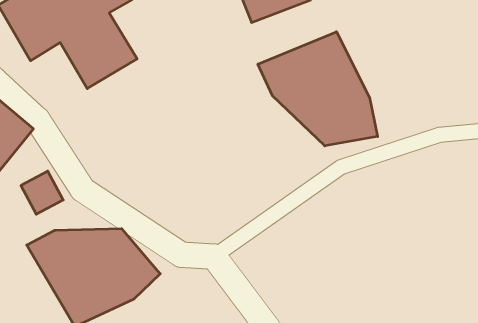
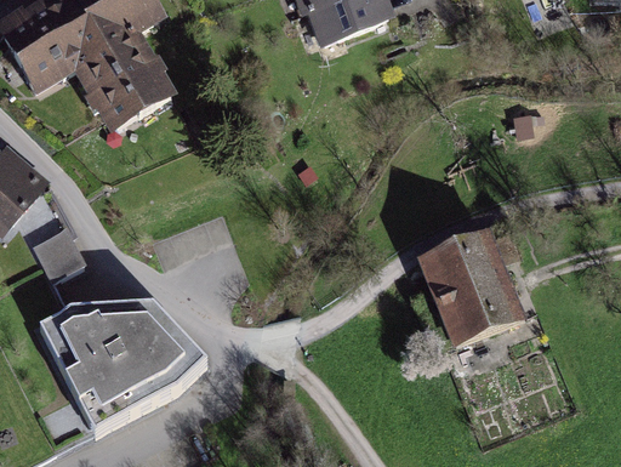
building: [258,32,378,146] -> none
building: none -> [417,221,529,340]

